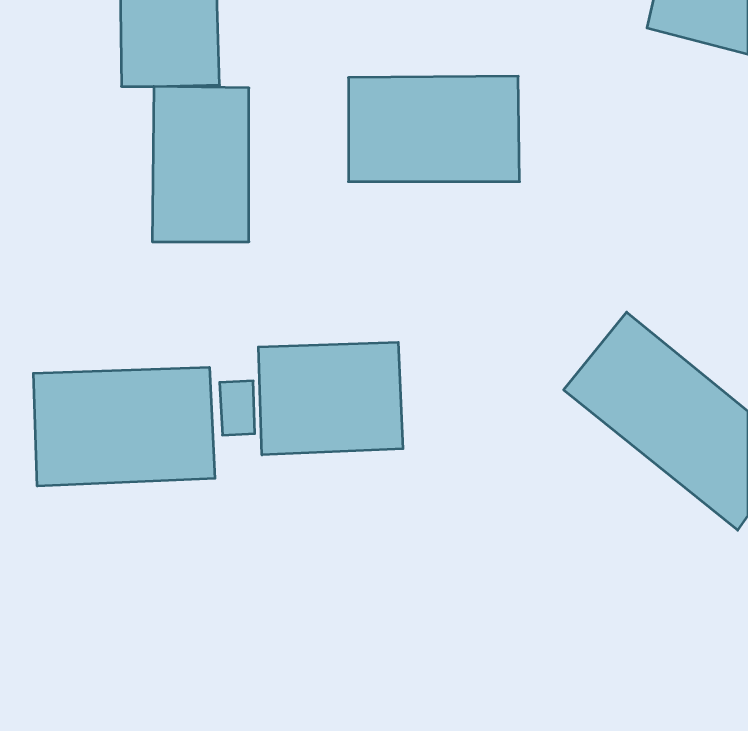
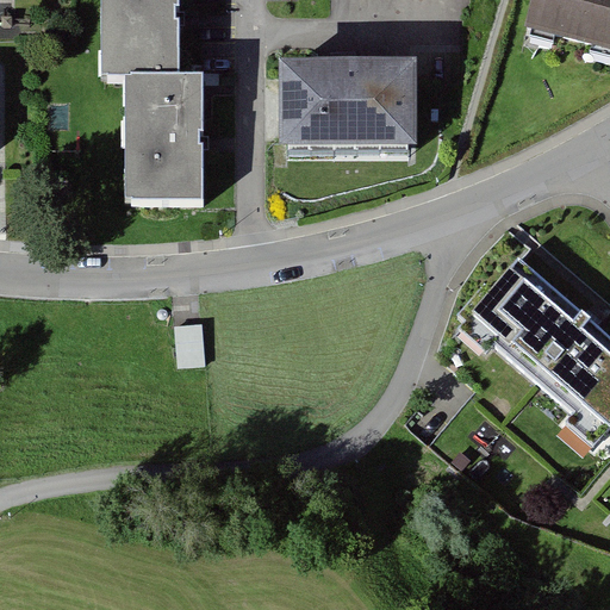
building: [258,342,403,455] -> none
building: [33,367,215,486] -> none

